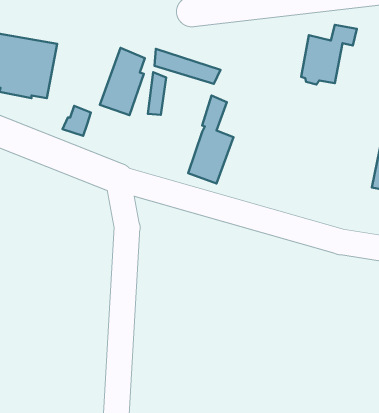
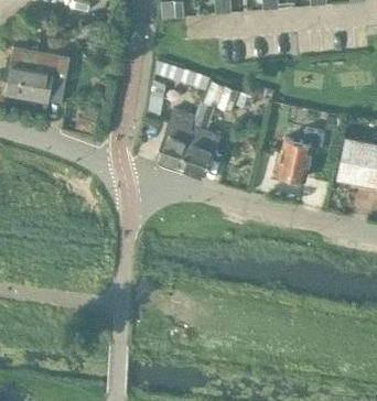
building: [301,25,357,84] -> [277,131,324,182]
building: [100,48,145,115] -> [155,110,194,167]

